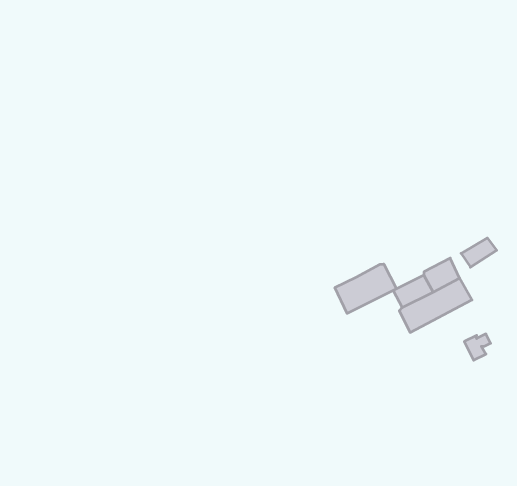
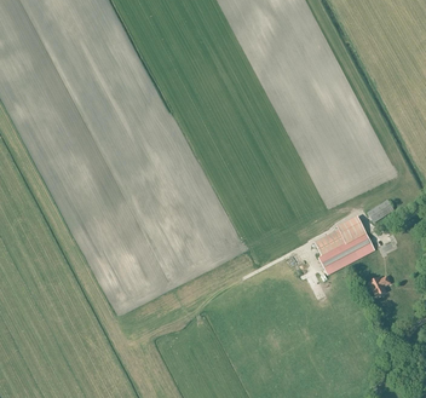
building: [335,264,397,313] -> none

